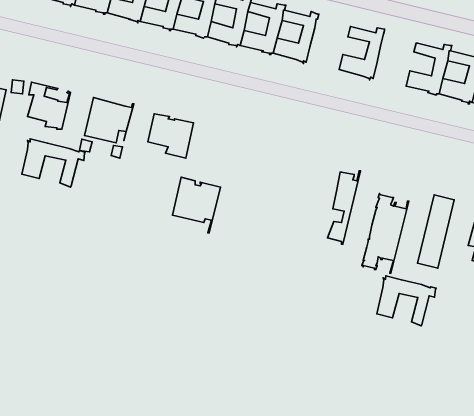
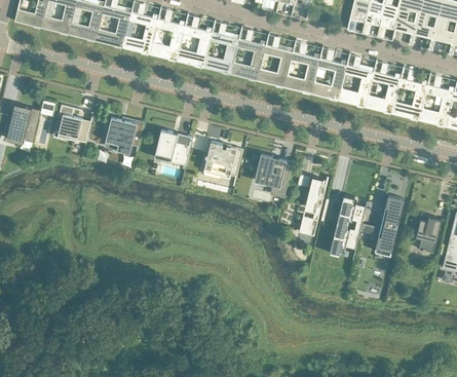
building: none -> [282,51,319,92]
building: none -> [337,64,374,107]
building: [22,139,85,187] -> none
building: none -> [253,152,291,195]
building: [172,177,220,233] -> [202,140,241,185]
building: [377,276,436,326] -> none

